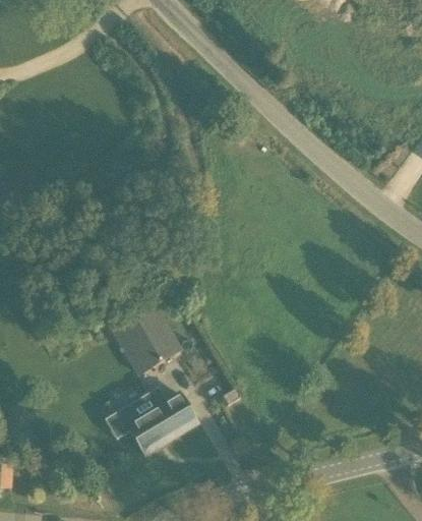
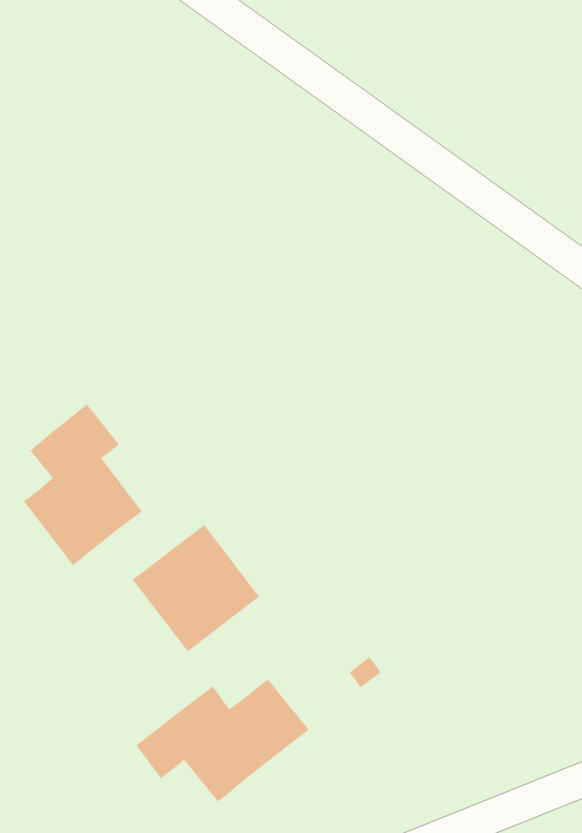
building: none -> [23,404,143,566]

